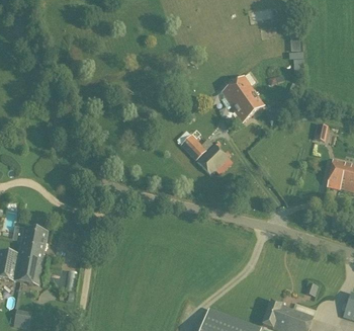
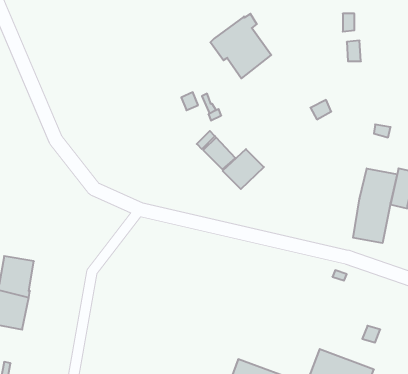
building: [216,72,264,122] -> [210,14,271,78]
building: none -> [353,168,397,243]

